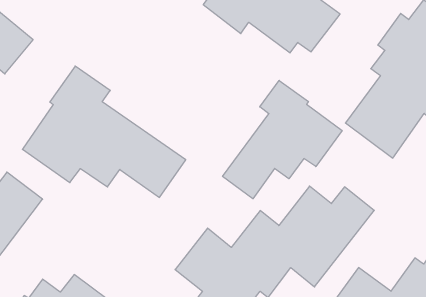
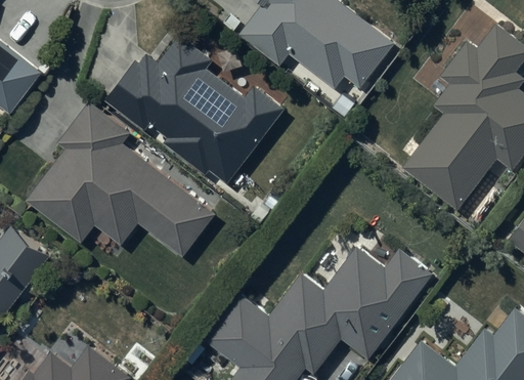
building: none -> [102,37,285,183]
building: [223,80,342,199] -> none

